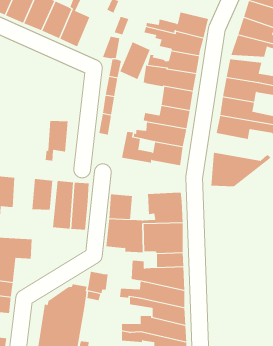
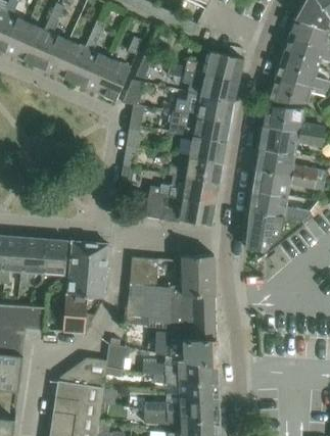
building: [120,42,150,80] -> [95,58,130,101]
building: [45,120,68,161] -> [19,239,46,285]
building: none -> [248,189,311,220]
building: none -> [62,295,87,334]

